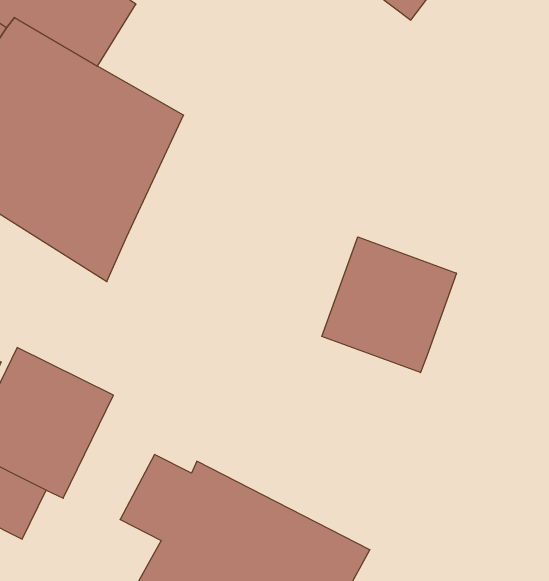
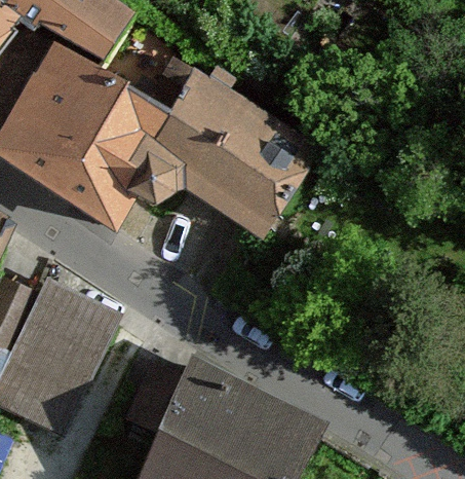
building: none -> [130,99,314,234]
building: [322,237,456,373] -> none

